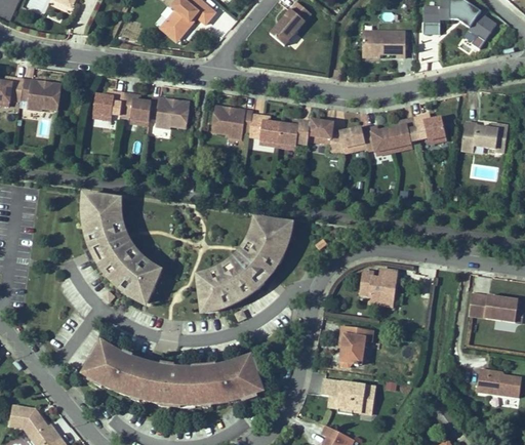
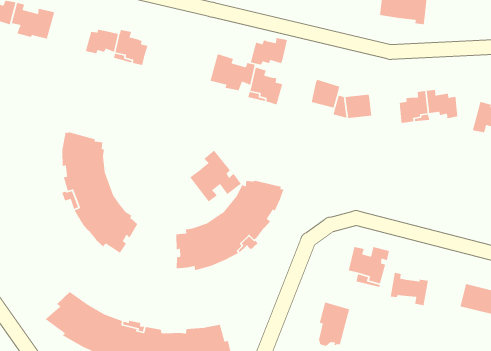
building: [149,96,189,128] -> none
building: [277,120,310,148] -> [250,37,288,65]
building: [362,126,394,154] -> none
building: none -> [189,150,242,202]
building: none -> [390,272,429,306]

